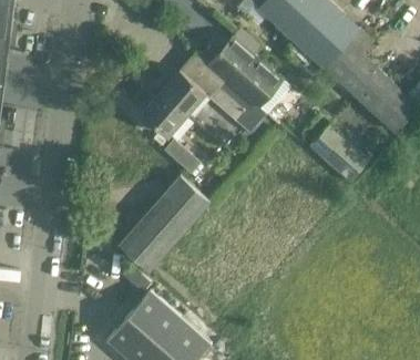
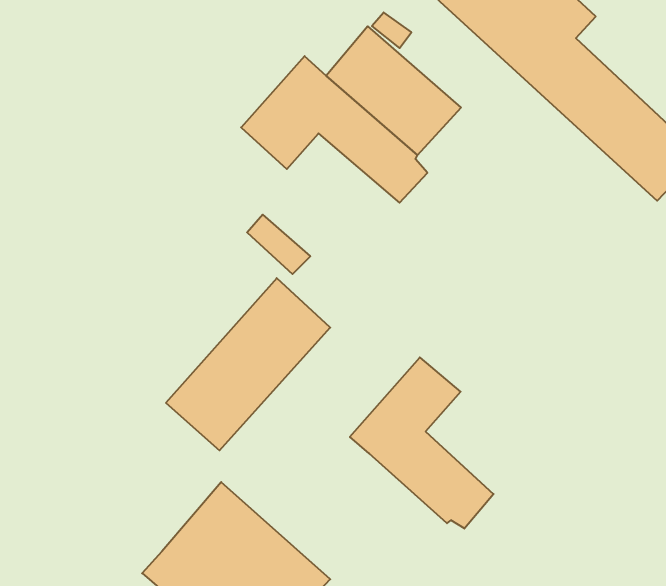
building: [140,91,185,136] -> none
building: [313,128,360,174] -> none
building: none -> [350,357,494,529]

